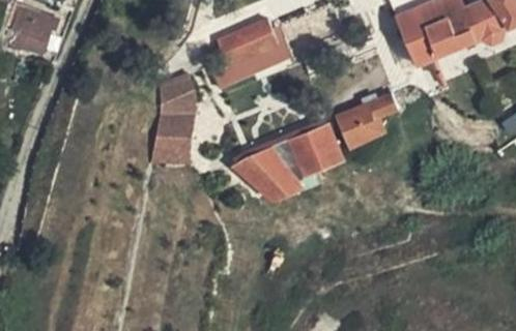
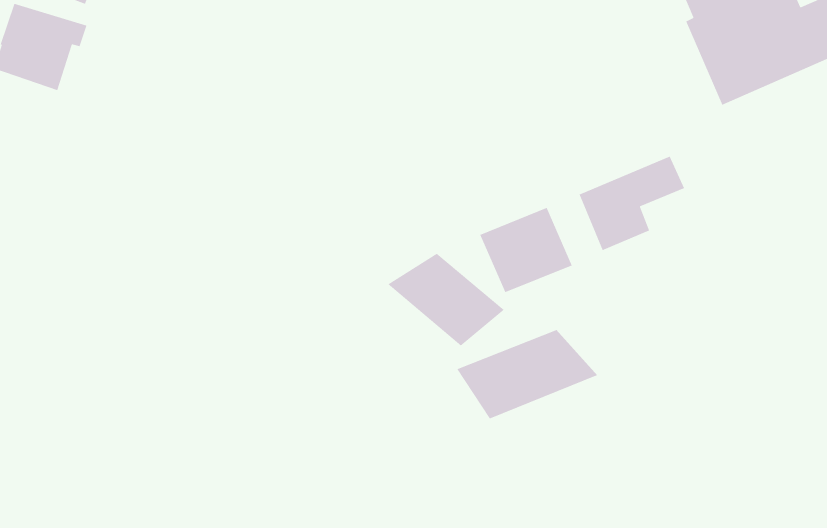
building: [222,20,294,91] -> none
building: [151,77,199,167] -> none
building: none -> [456,329,598,419]

